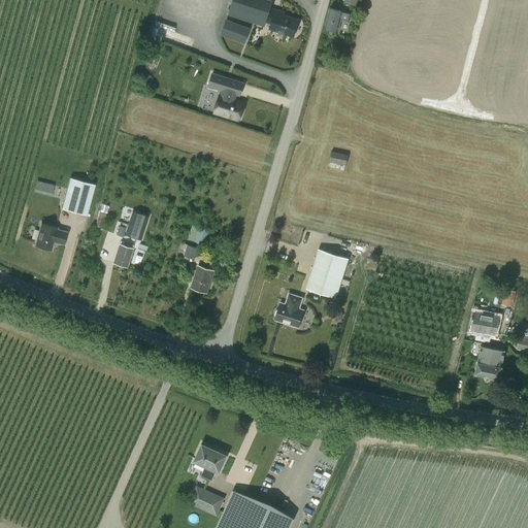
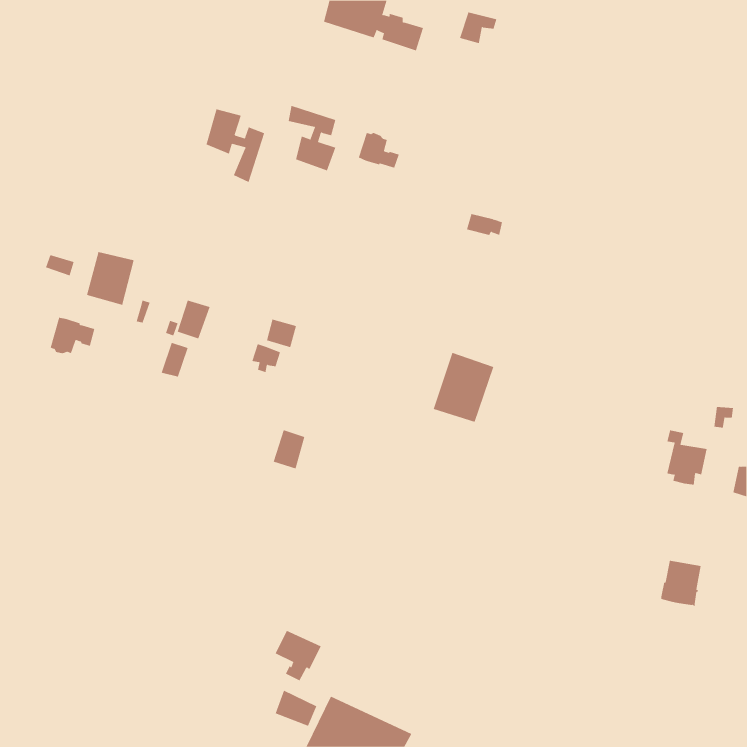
building: [221,20,251,44] -> none
building: none -> [206,108,265,183]
building: none -> [358,132,400,169]
building: [191,265,213,293] -> [273,430,305,469]
building: [274,294,303,327] -> none
building: [475,345,504,378] -> [660,560,701,607]

